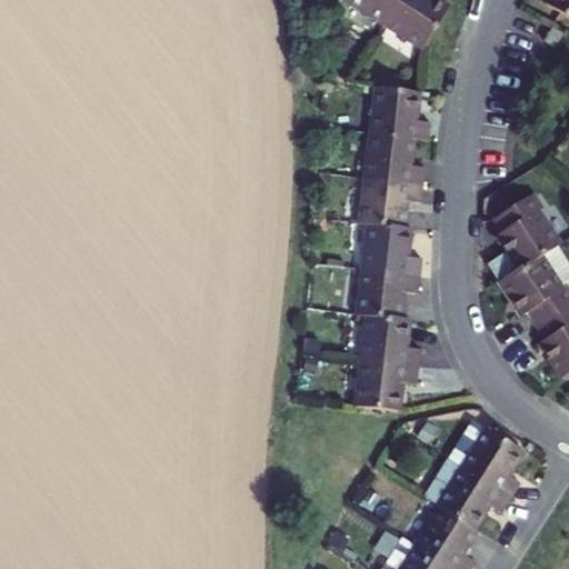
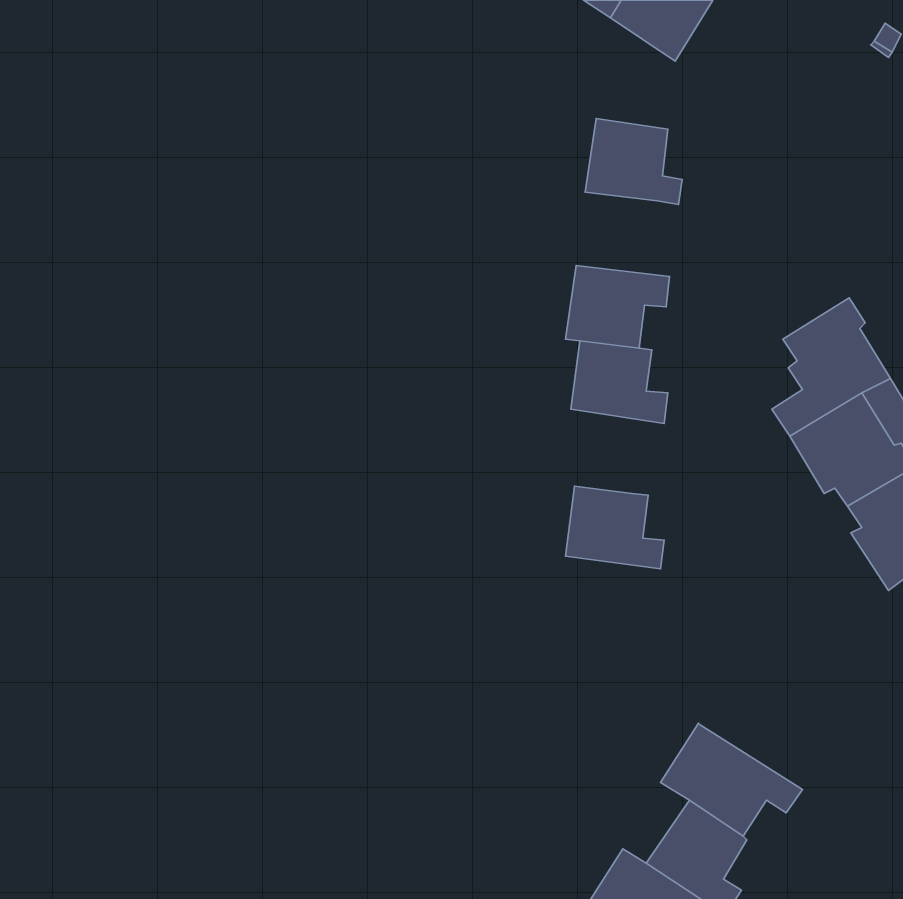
building: [366,130,426,182] -> none
building: [356,264,420,317] -> none
building: [352,356,418,410] -> none
building: [442,421,518,500] -> none

